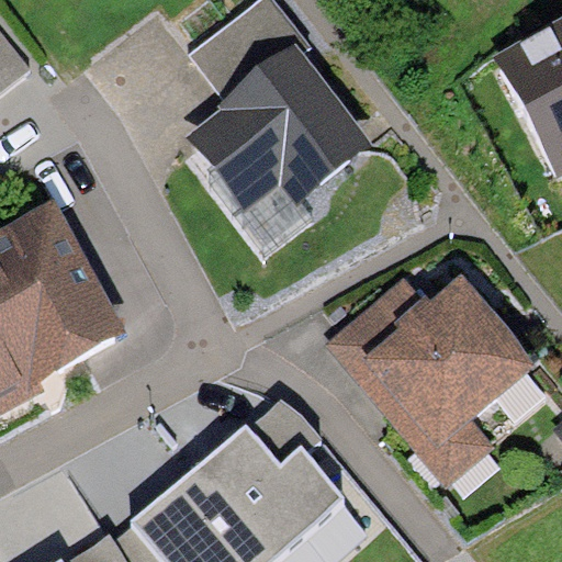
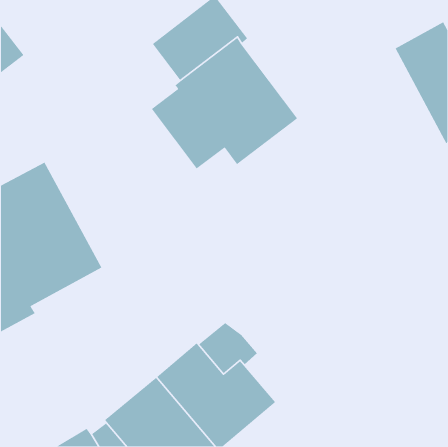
building: [324,276,537,491] -> none

